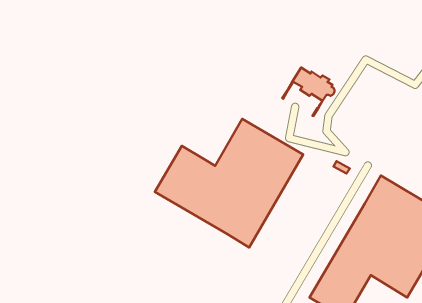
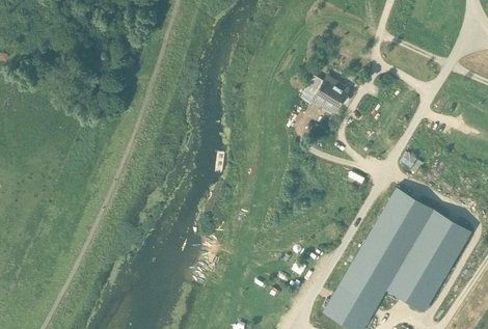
building: [155,119,303,247] -> none

